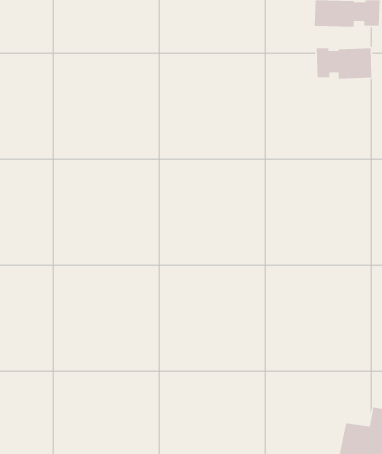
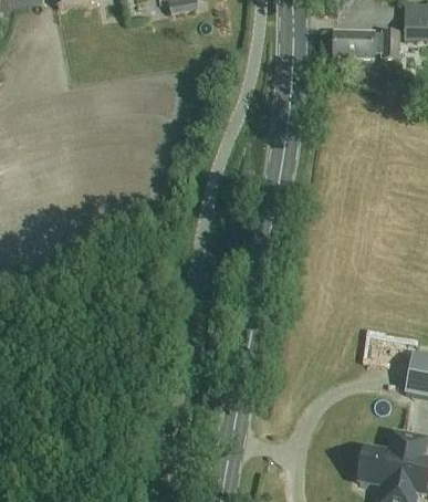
building: [316,47,372,79] -> none

